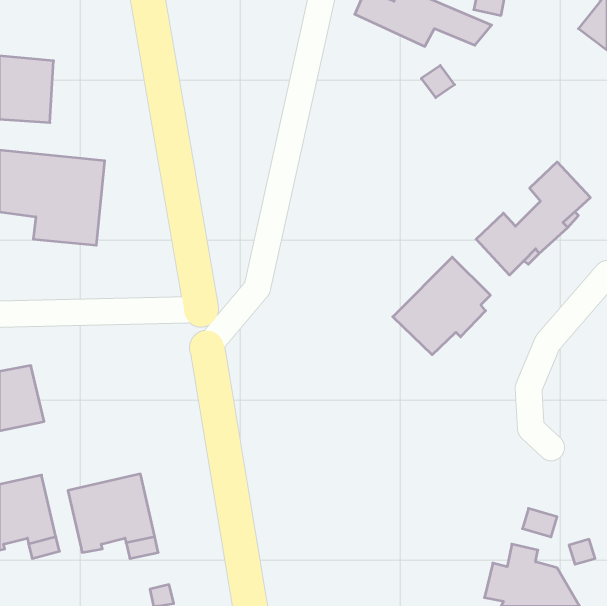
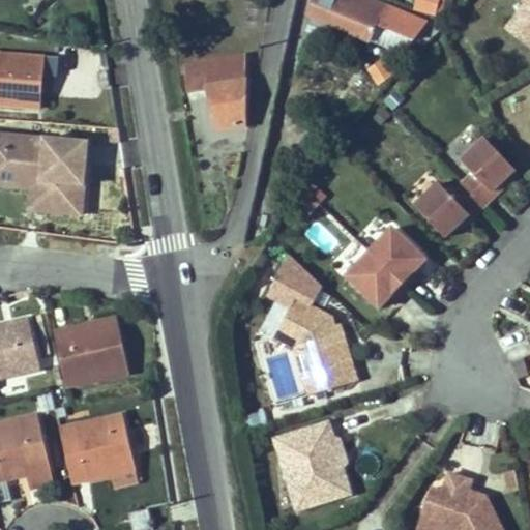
building: none -> [183,55,243,126]
building: none -> [263,255,358,399]
building: none -> [54,316,126,383]
building: none -> [273,424,349,512]

